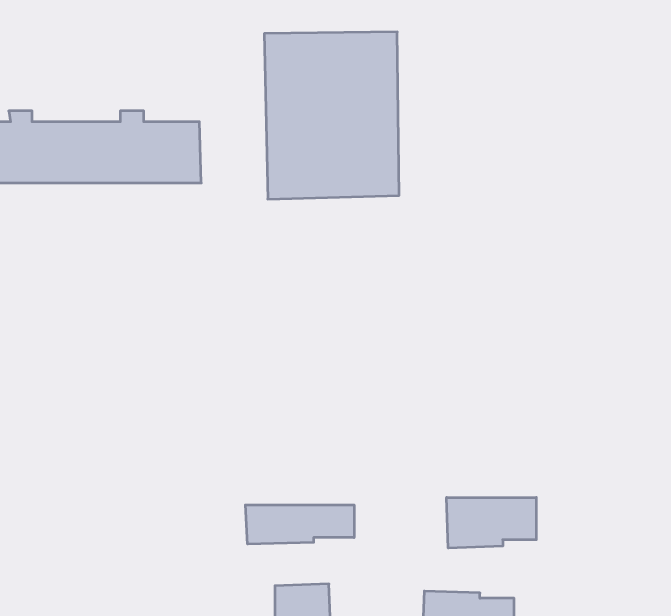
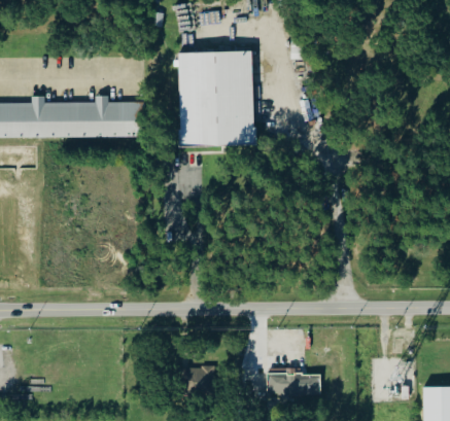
building: [447,497,536,548] -> none
building: [245,505,354,544] -> none

